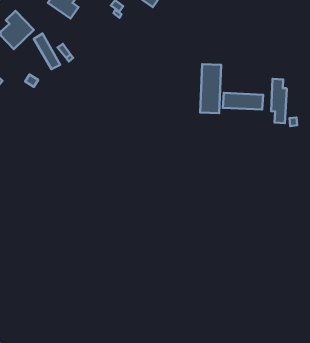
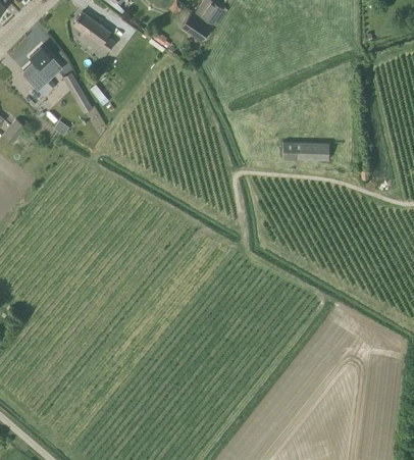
building: [200,64,221,113] -> none
building: [271,79,287,123] -> none

